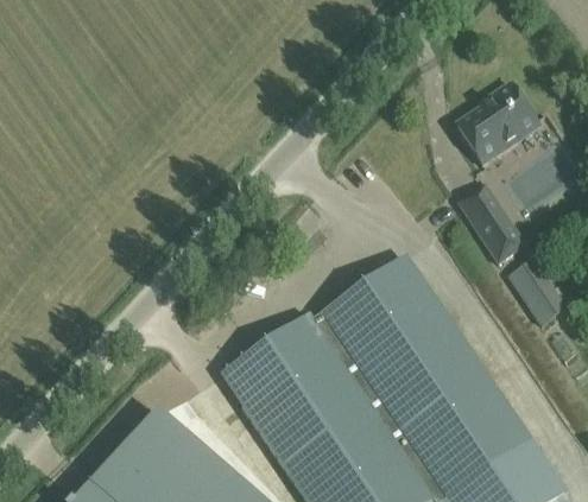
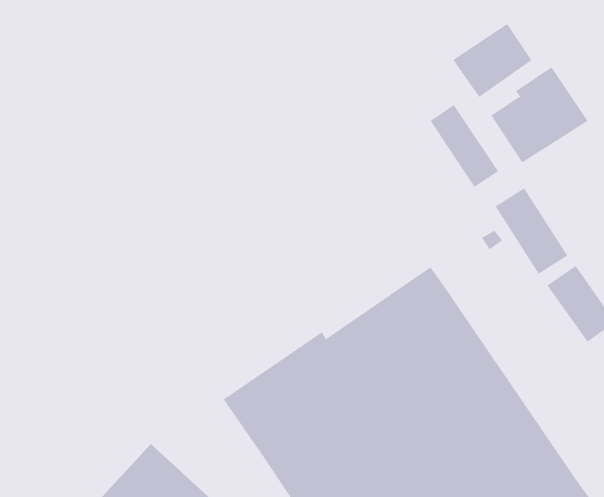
building: none -> [453,23,532,98]
building: none -> [430,104,499,188]

